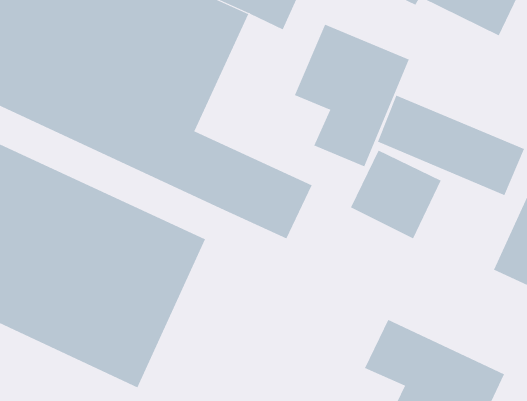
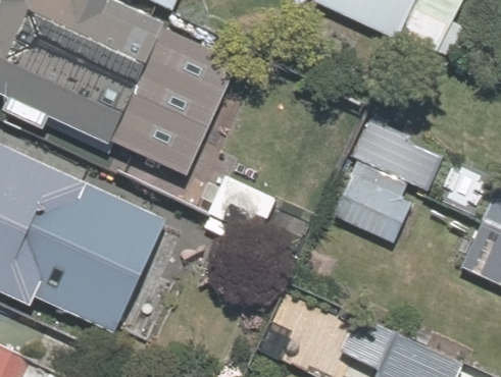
building: [294,24,410,167] -> none

